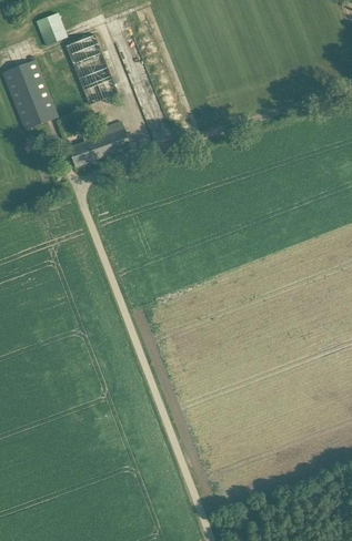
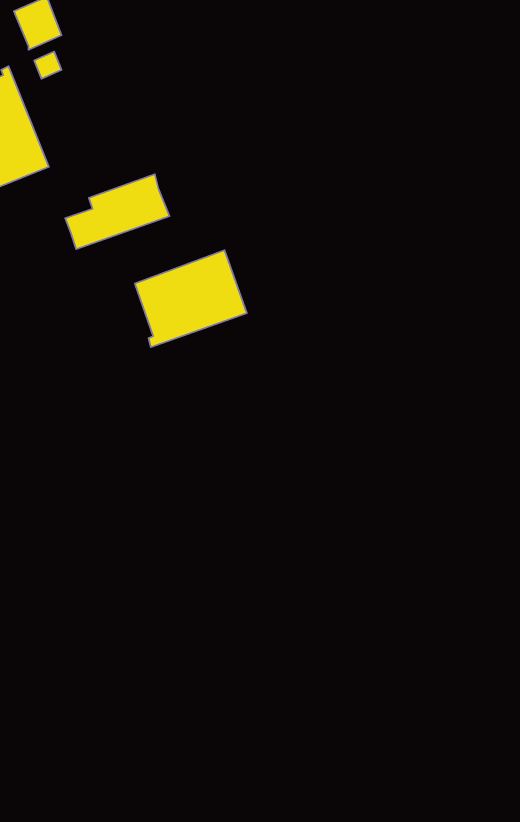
building: [64,34,118,105] -> none
building: none -> [135,250,247,347]

